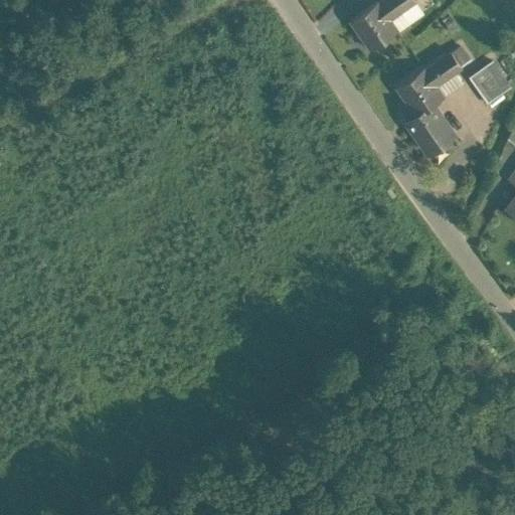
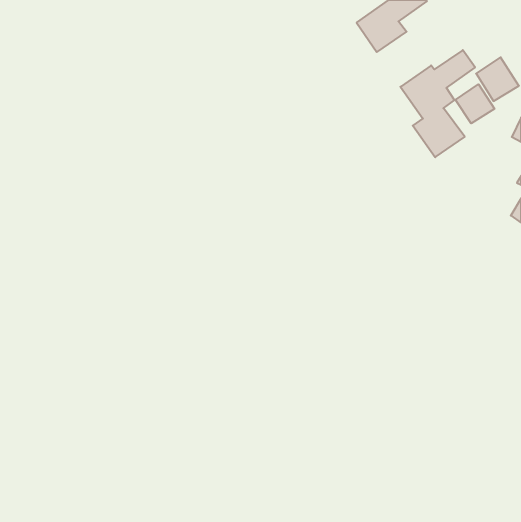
building: none -> [456,84,494,123]

